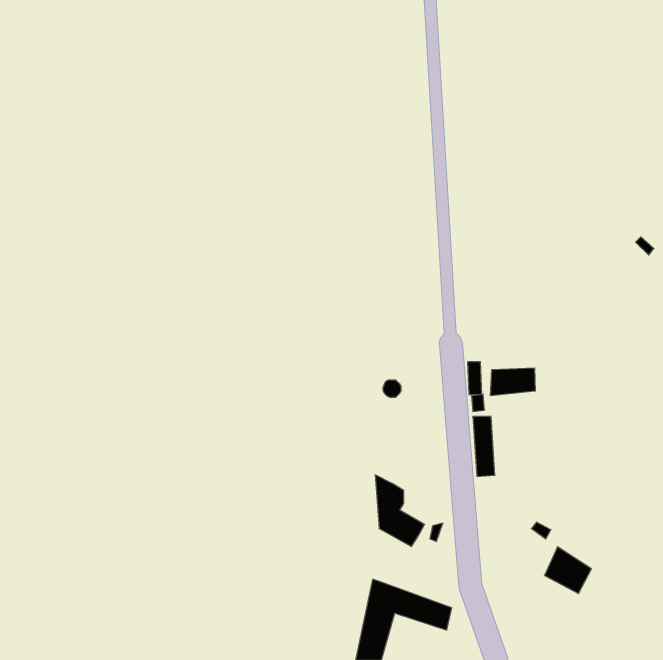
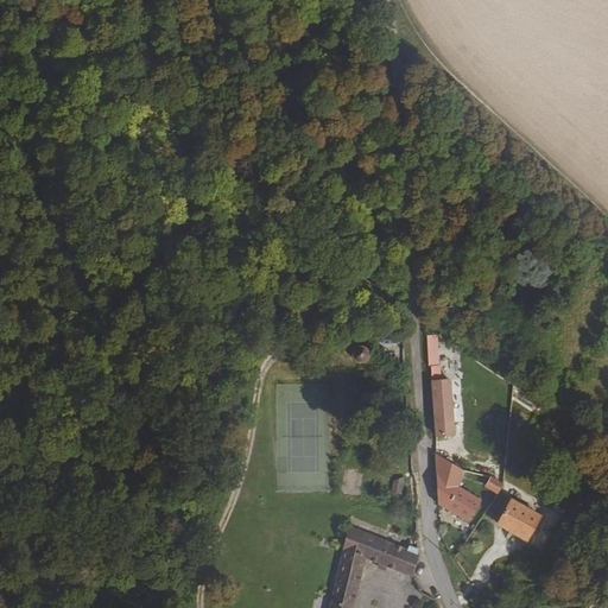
building: [491,368,535,396] -> none
building: [375,475,425,547] -> [436,455,481,520]

